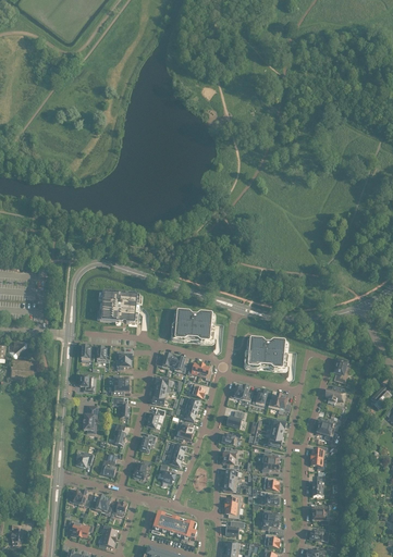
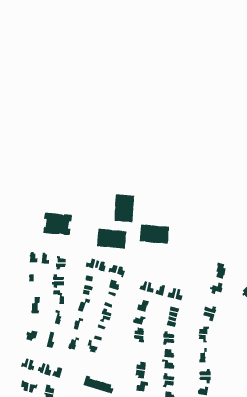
building: none -> [114,194,135,223]
building: [244,341,286,368] -> [139,224,170,244]

